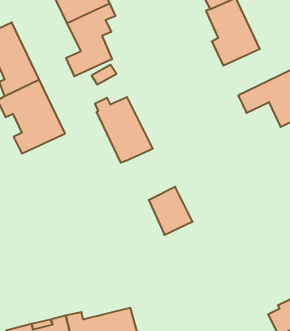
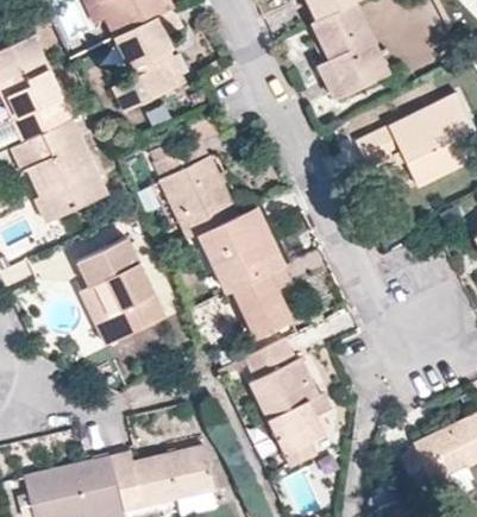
building: none -> [199,208,280,291]
building: none -> [79,238,165,338]
building: none -> [244,338,327,455]

